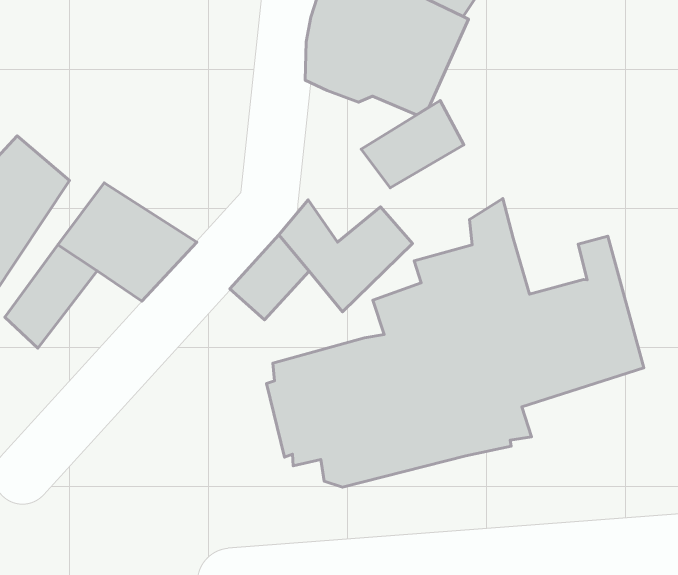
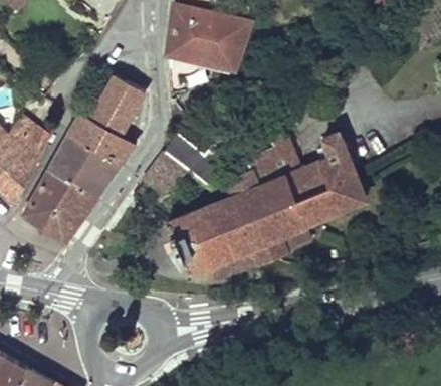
building: none -> [69,75,143,163]
building: [361,100,464,188] -> none
building: none -> [45,184,96,243]

